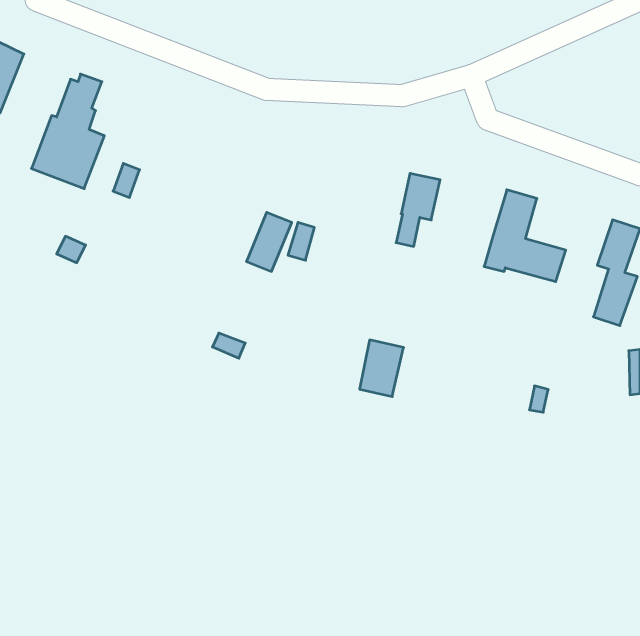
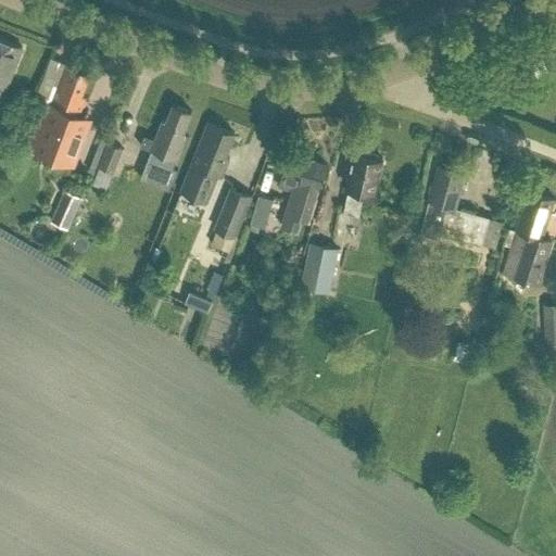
building: none -> [139,109,190,193]
building: none -> [180,127,233,204]
building: none -> [279,159,325,224]
building: [360,340,404,397] -> [300,245,338,294]

